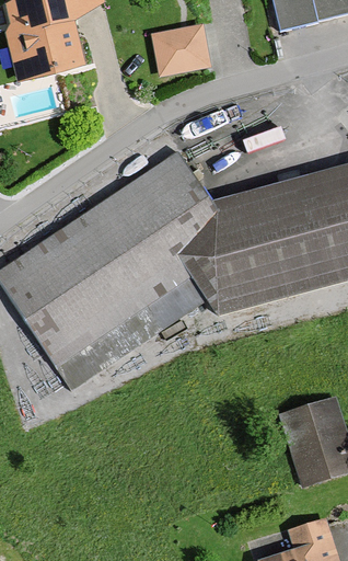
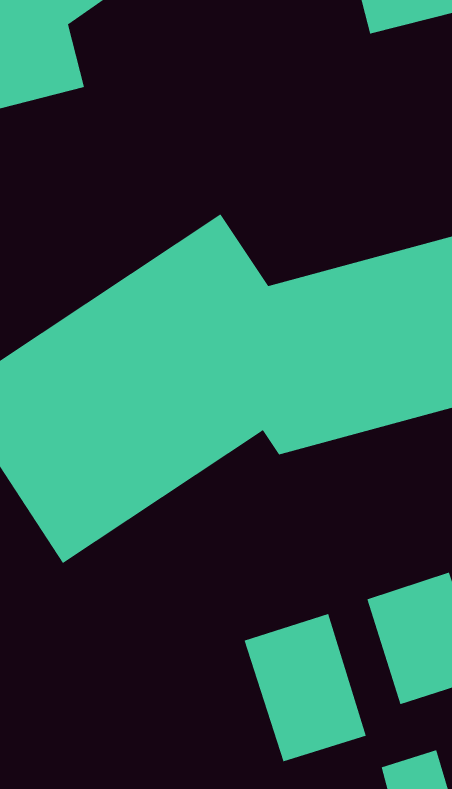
building: [151,24,210,77] -> none
building: none -> [244,613,367,762]

